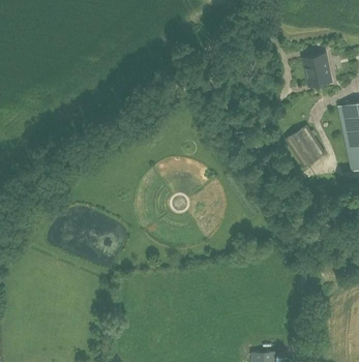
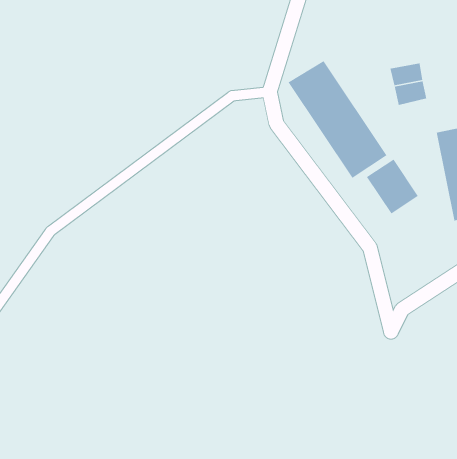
building: none -> [287,60,388,179]

